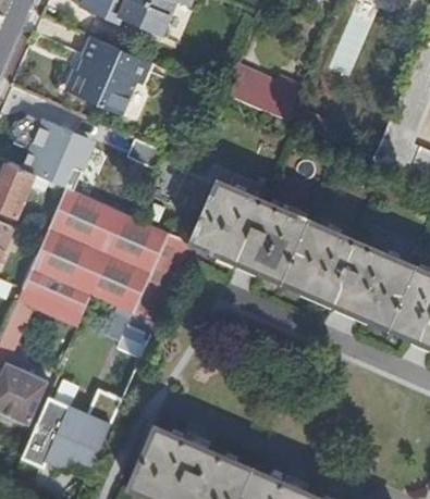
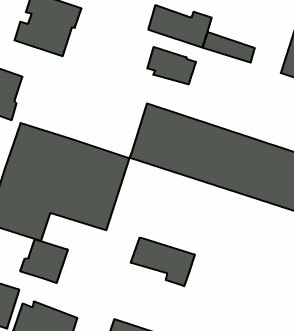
building: none -> [147,47,196,84]
building: none -> [20,239,68,283]
building: none -> [131,238,195,286]

